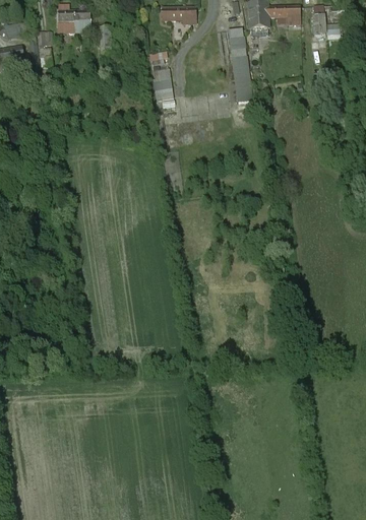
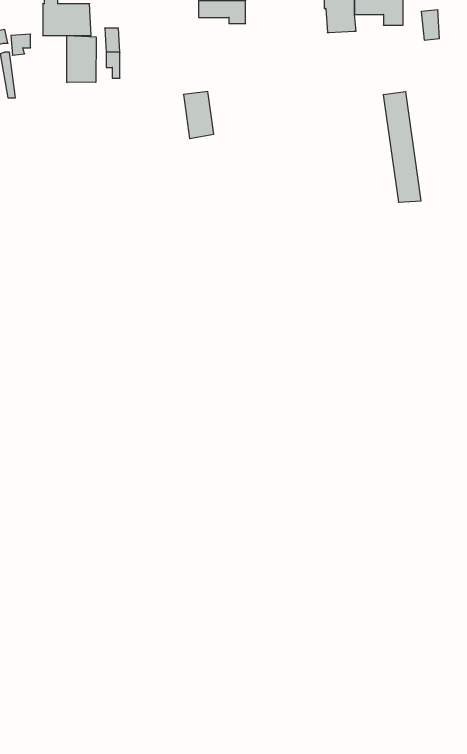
building: [227,28,252,103] -> [383,92,421,202]
building: none -> [67,36,96,83]

